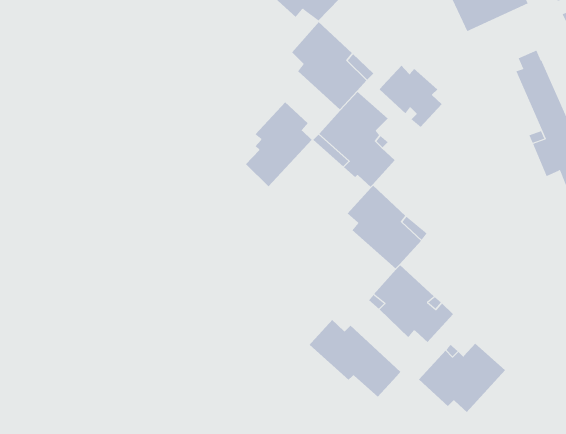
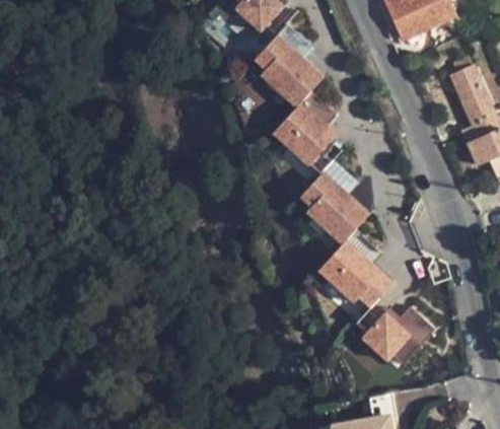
building: [379,65,443,128] -> none
building: [245,102,313,187] -> none
building: [309,319,401,398] -> none

